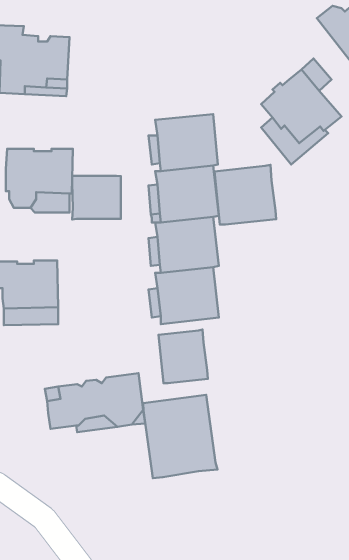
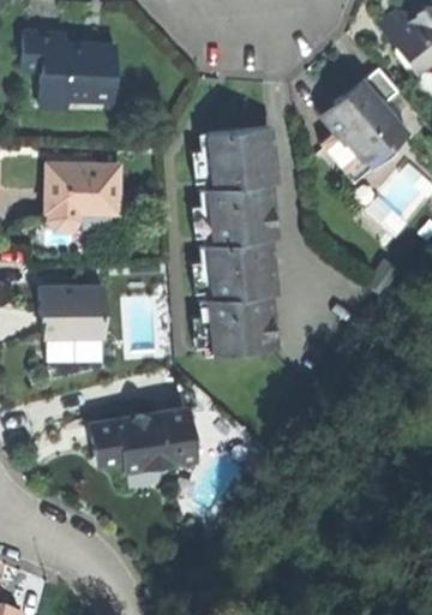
building: [214,165,276,224] -> none
building: [72,176,121,219] -> none
building: [159,330,208,383] -> none
building: [143,395,217,478] -> none

